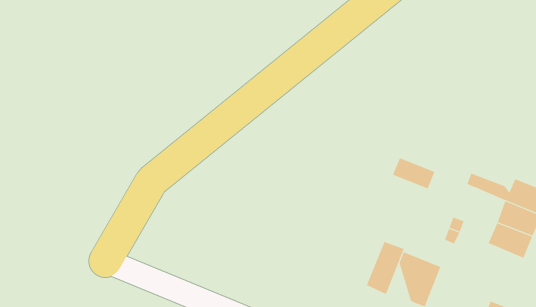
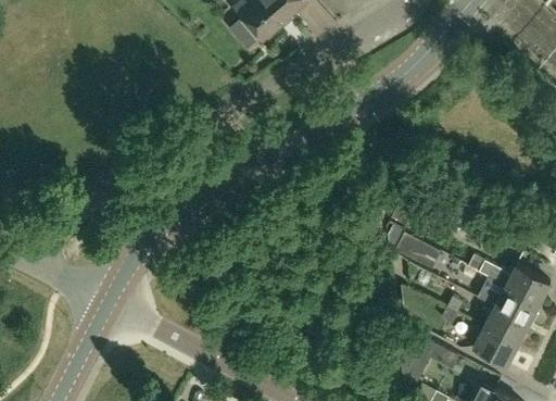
building: [366,241,404,295] -> none
building: none -> [472,325,517,364]

